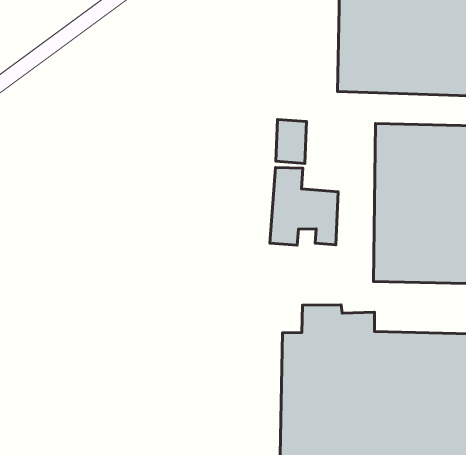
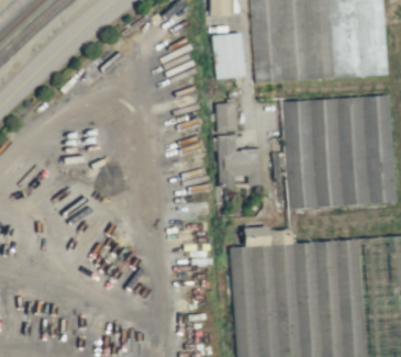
building: none -> [211,33,245,80]

